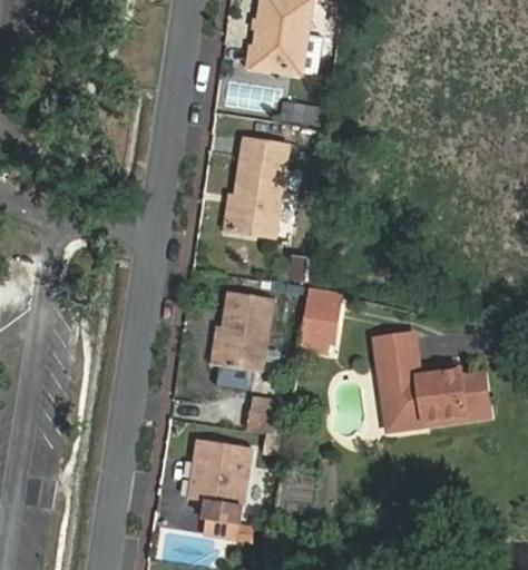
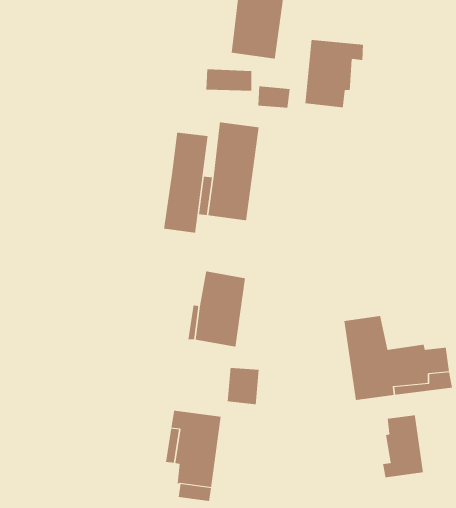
building: none -> [305,39,364,108]
building: none -> [163,132,208,234]
building: [299,288,341,350] -> none
building: none -> [383,414,423,478]

